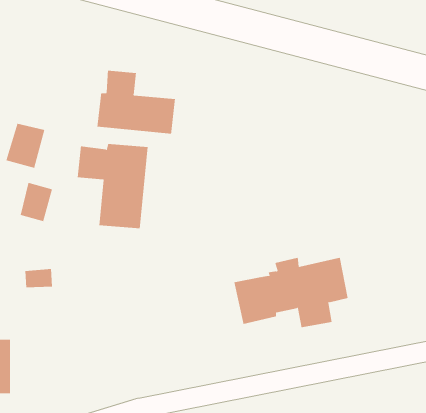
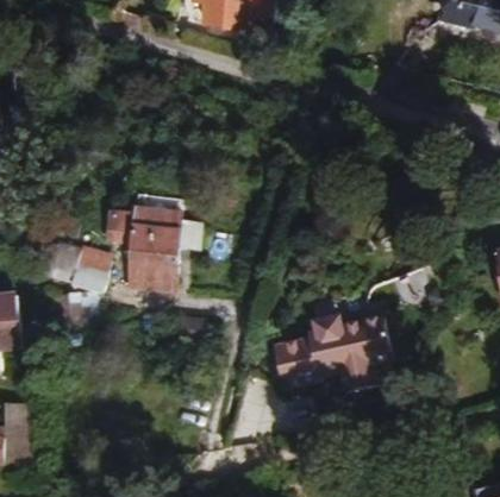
building: [97,70,176,134] -> none
building: [5,123,45,169] -> [71,245,113,292]

